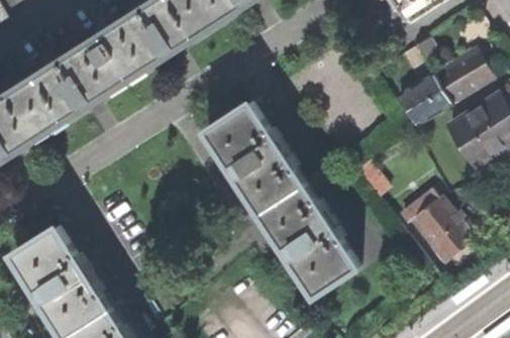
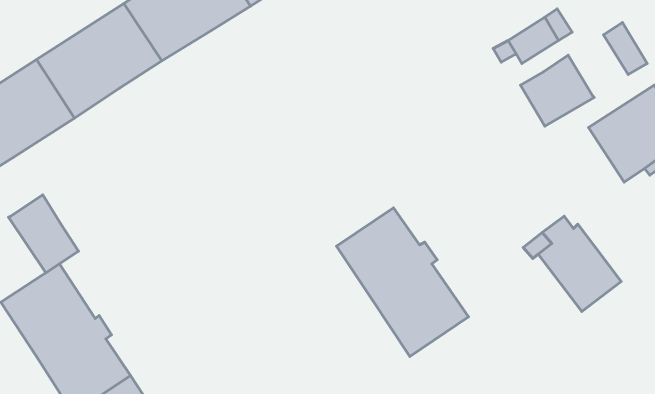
building: [431,55,476,101] -> none
building: [204,101,302,212] -> none
building: none -> [9,195,79,273]

